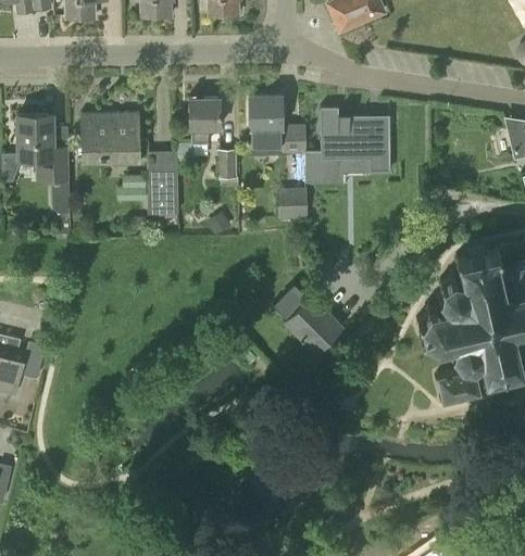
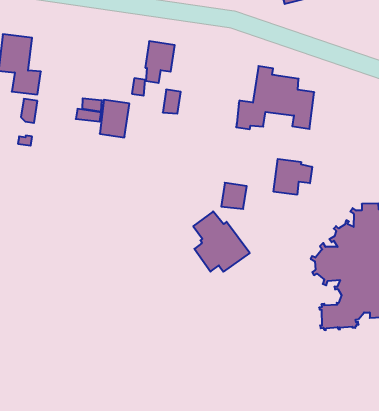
building: [251,97,307,155] -> none
building: [82,113,149,162] -> none
building: [279,190,305,218] -> [221,183,247,209]
building: none -> [274,159,312,195]

